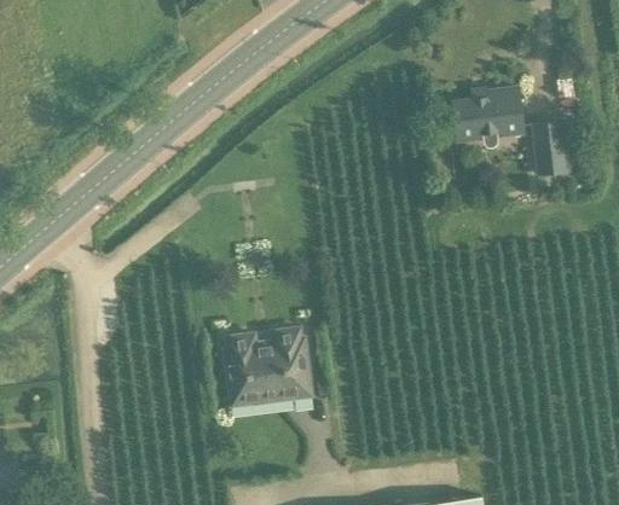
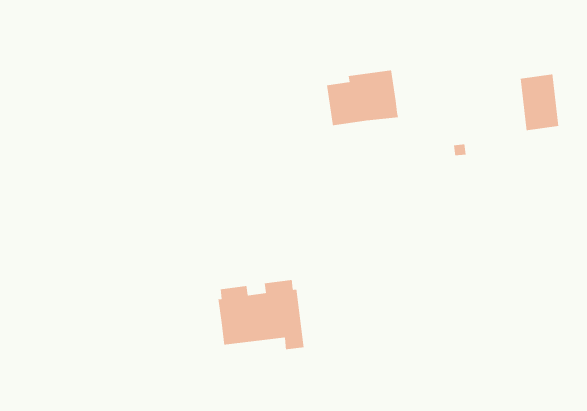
building: [451,88,525,145] -> [326,70,399,126]

